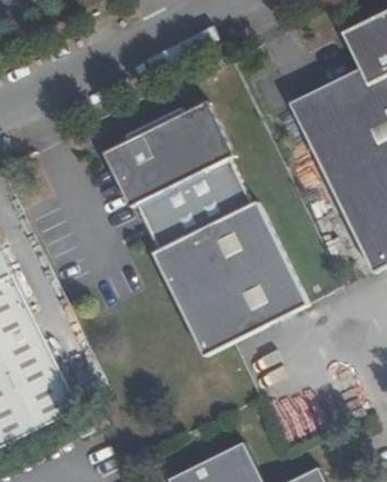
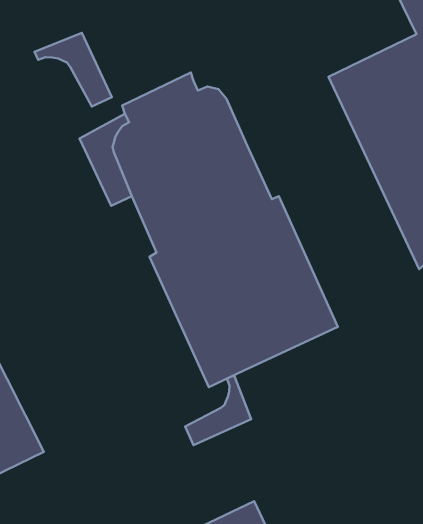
building: none -> [34,33,112,107]
building: none -> [185,375,251,445]

